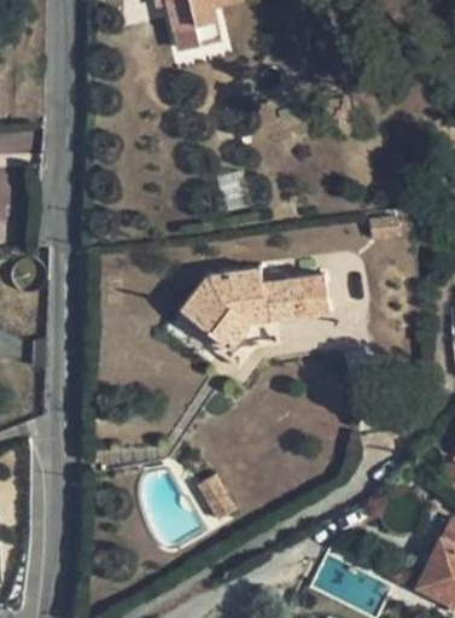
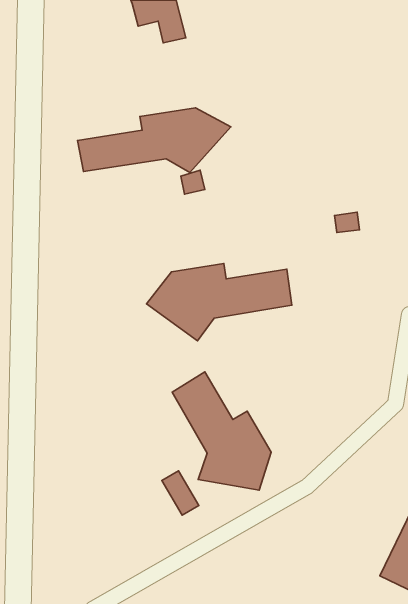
building: none -> [78,108,231,173]
building: none -> [172,372,271,490]

